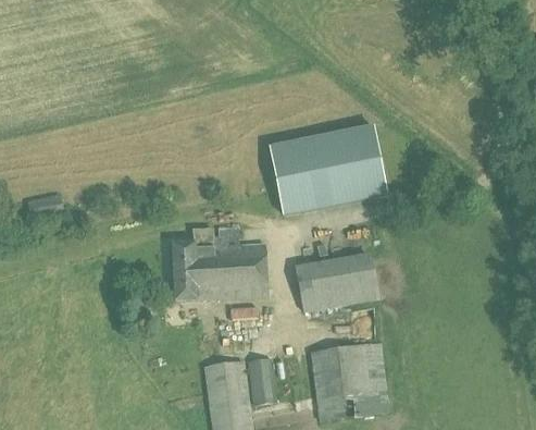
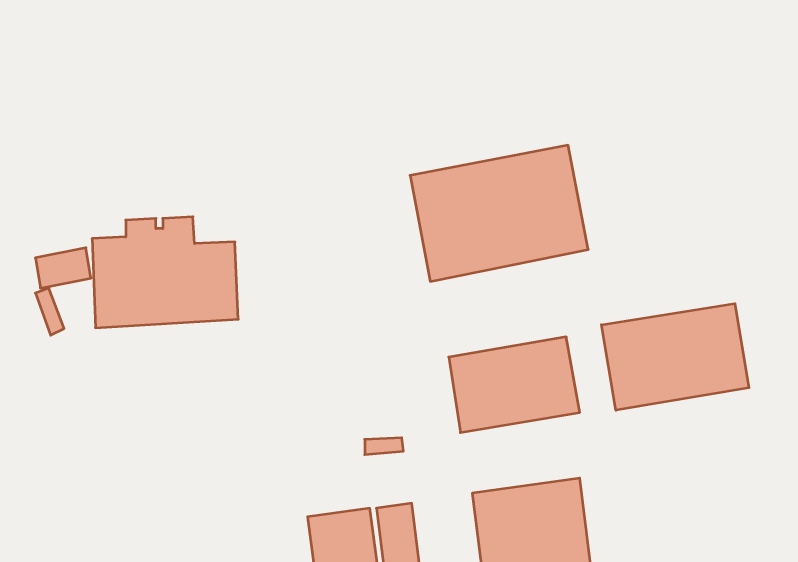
building: [173,229,267,300] -> [92,217,238,328]
building: none -> [601,304,749,410]

